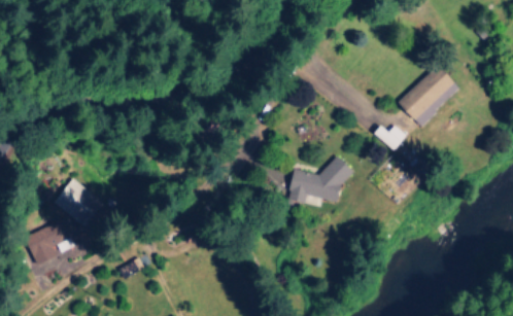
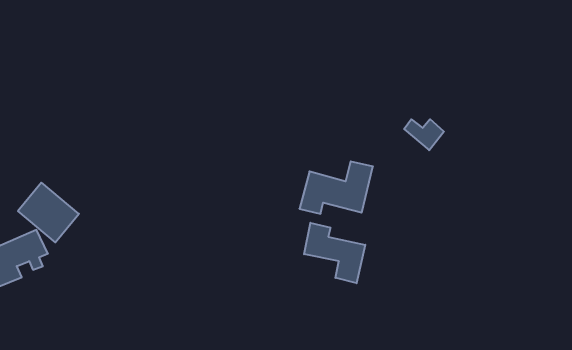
building: [398,65,459,126] -> none
building: none -> [304,223,365,283]

